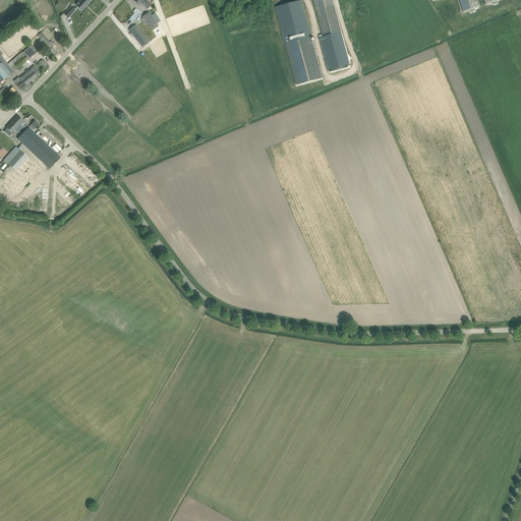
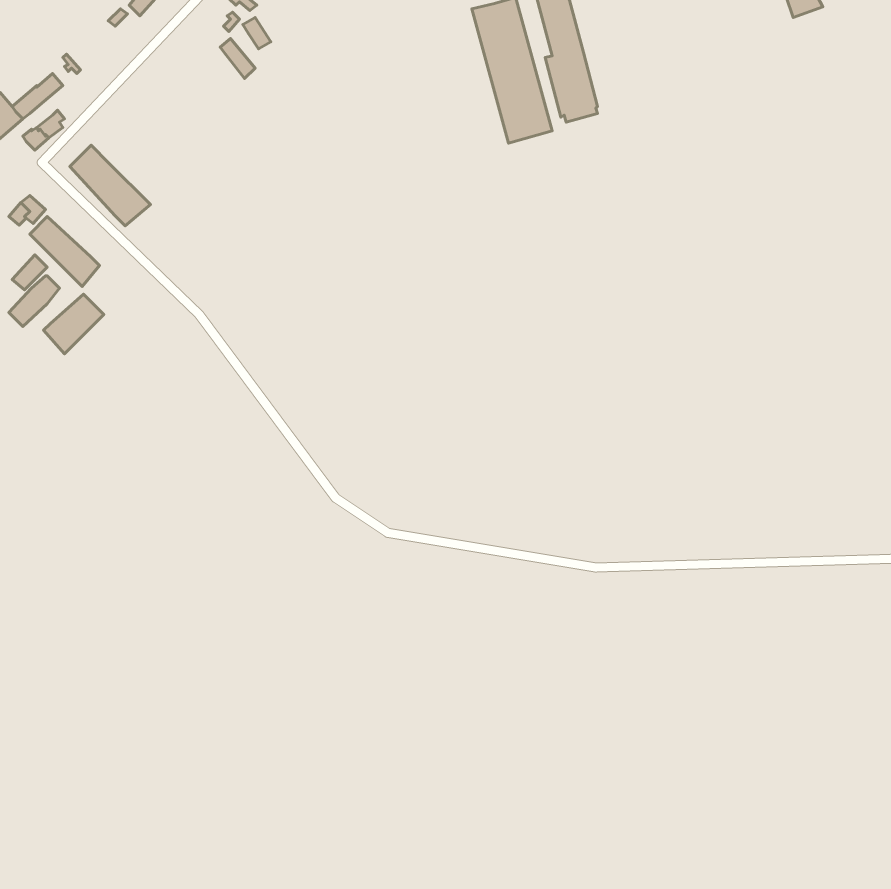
building: none -> [70,145,150,226]
building: none -> [43,294,104,354]

